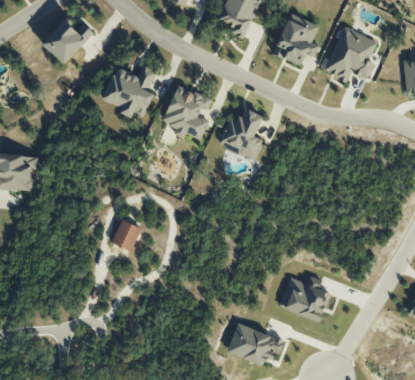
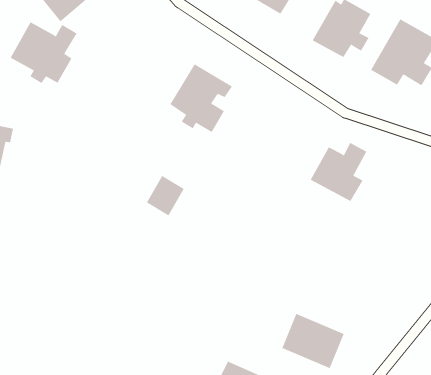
building: [102,66,155,117] -> [10,21,78,84]
building: [218,109,262,158] -> [310,142,367,202]
building: [111,218,141,251] -> [146,175,185,216]

